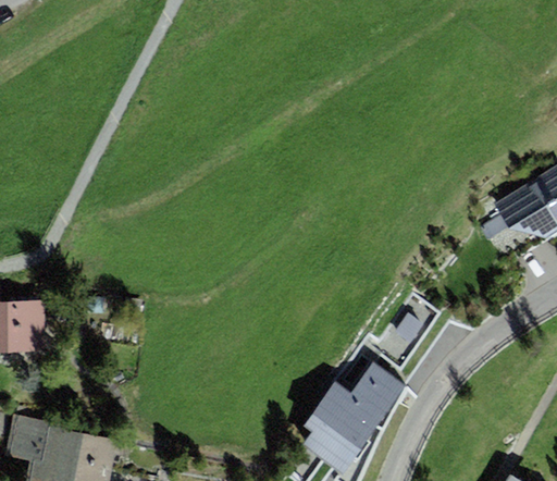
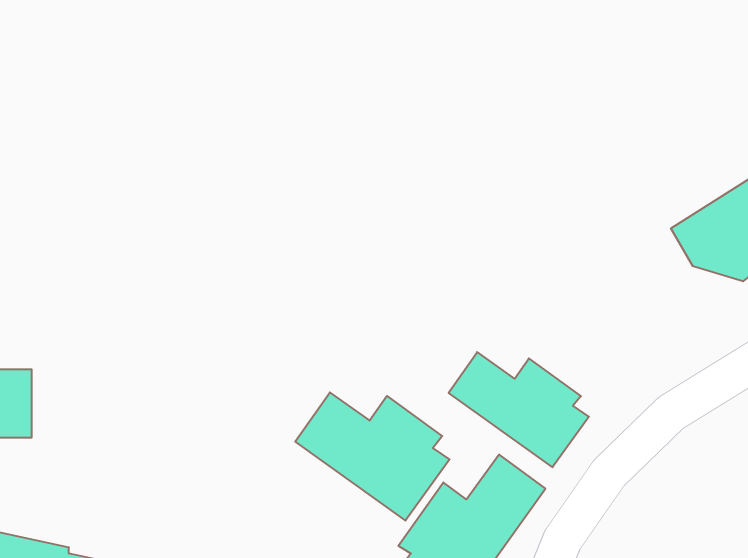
building: none -> [449,352,589,467]
building: none -> [295,392,450,521]

